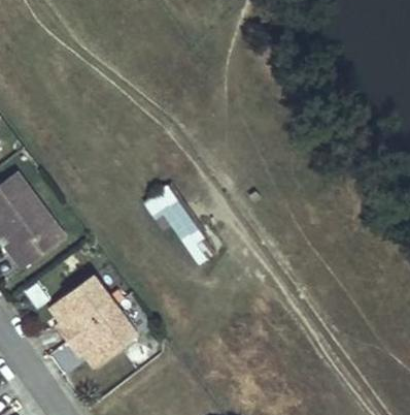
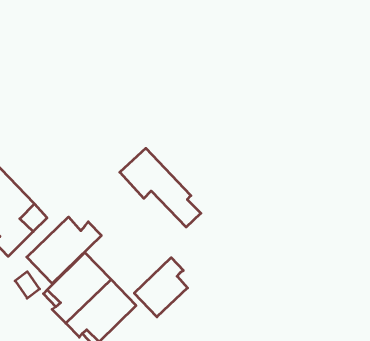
building: none -> [27,217,101,283]
building: none -> [134,258,188,317]

